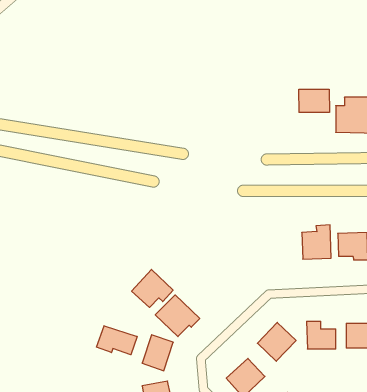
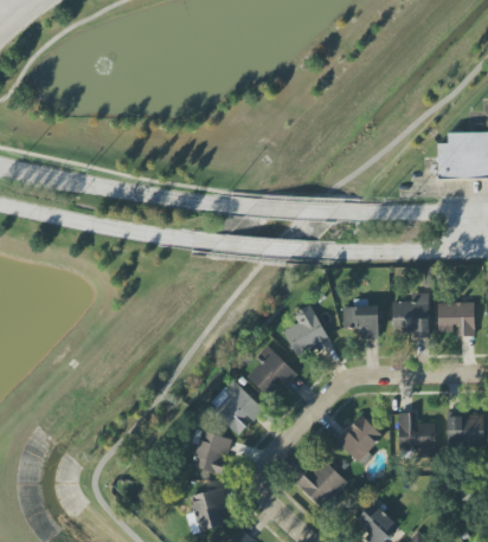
building: [299,89,329,112] -> none
building: none -> [284,303,332,361]
building: none -> [343,305,379,338]
building: [132,269,173,307] -> [245,348,297,395]
building: [97,326,137,355] -> none

